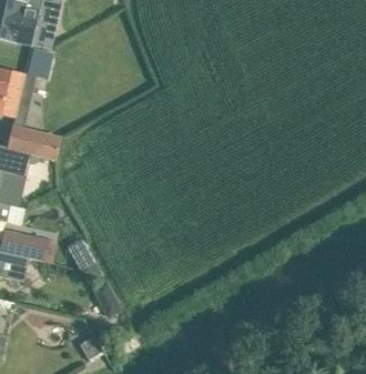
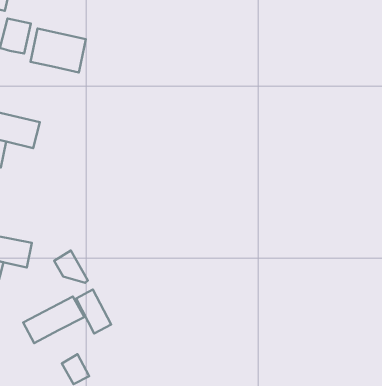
building: none -> [31,28,86,73]
building: none -> [23,297,84,343]

